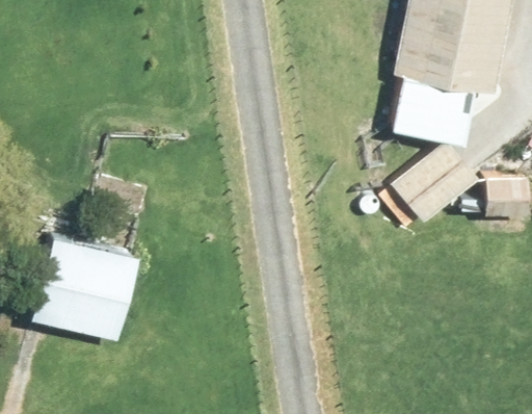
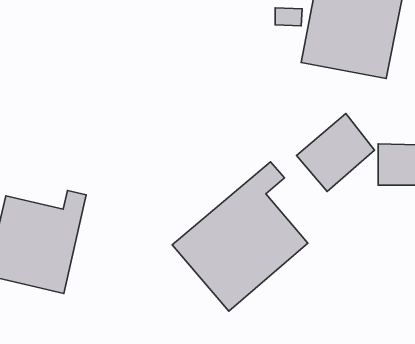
building: none -> [172,162,308,311]

